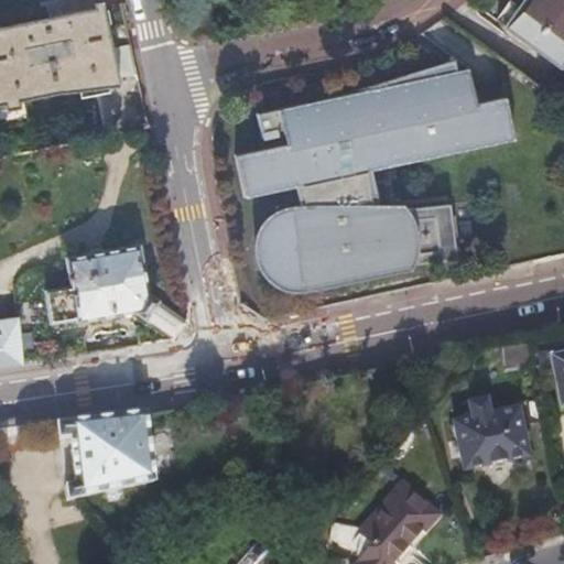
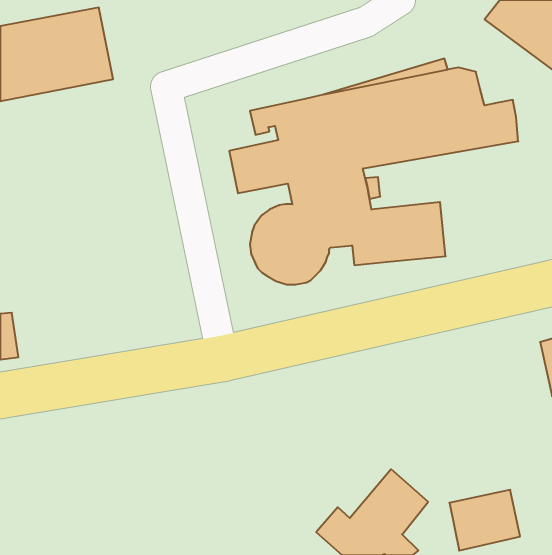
building: [45,246,189,339] -> none
building: [314,249,397,286] -> none
building: [456,408,528,469] -> [449,490,520,551]
building: [57,411,158,499] -> none

